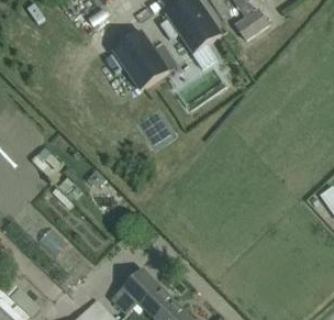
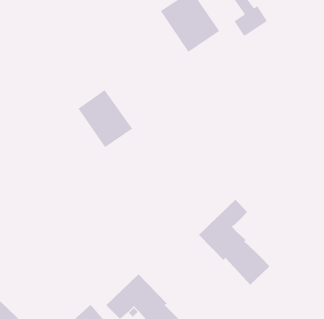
building: [114,31,168,88] -> [78,89,133,148]
building: none -> [198,199,275,286]

